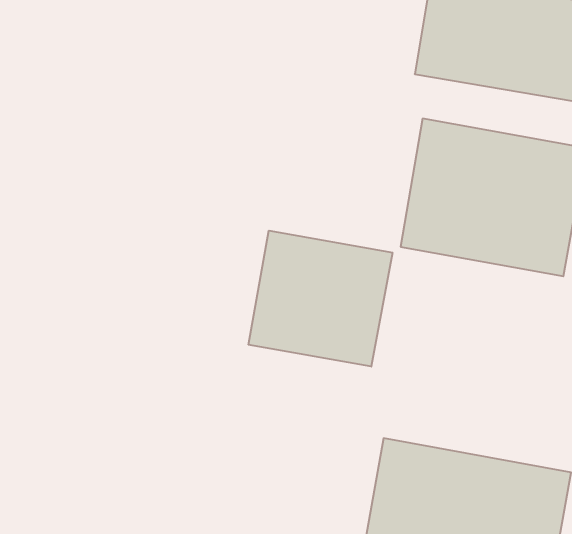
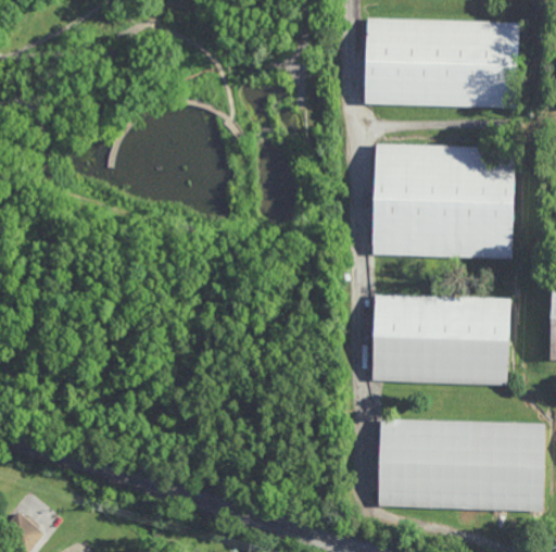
building: [249,231,392,367] -> none
building: none -> [370,293,510,388]

